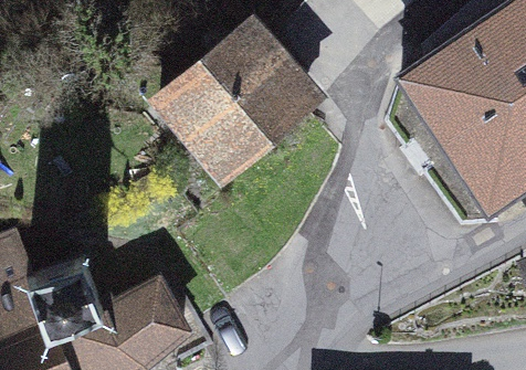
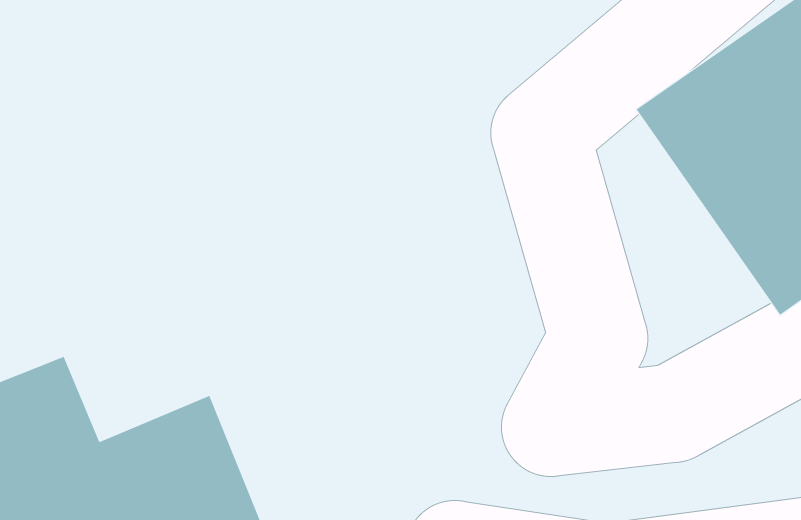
building: [166,29,311,172] -> none

